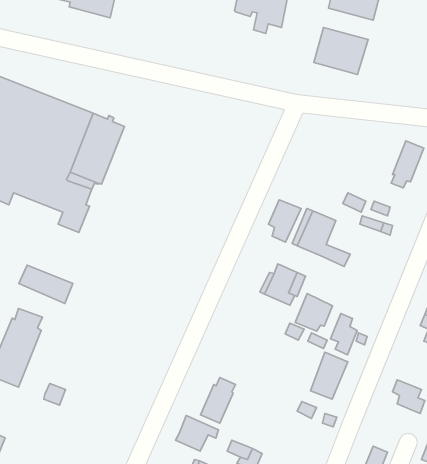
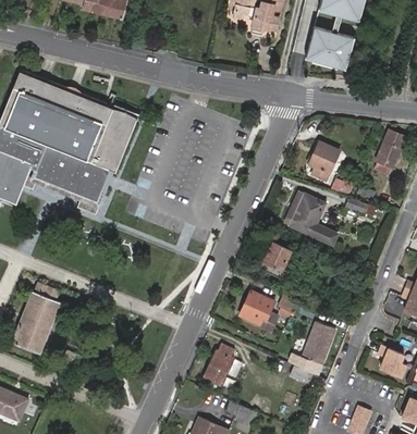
building: [268,200,301,242] -> [310,142,340,181]
building: [19,265,73,304] -> none
building: [295,294,333,331] -> [241,289,274,323]
building: [330,314,357,355] -> none
building: [175,415,219,451] -> none

